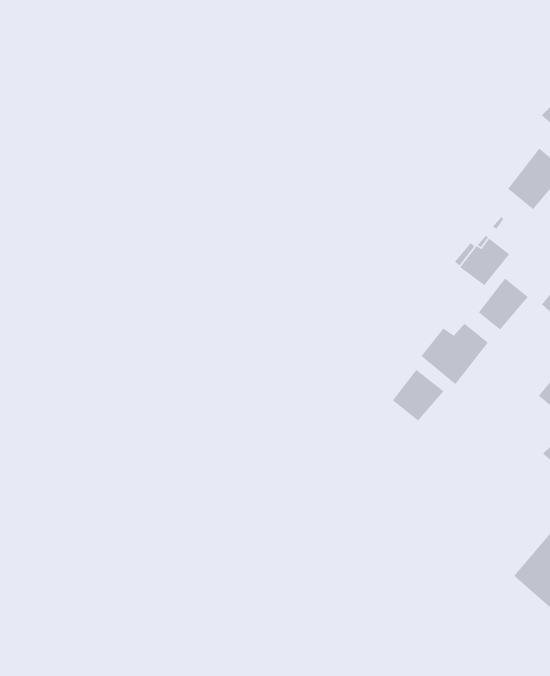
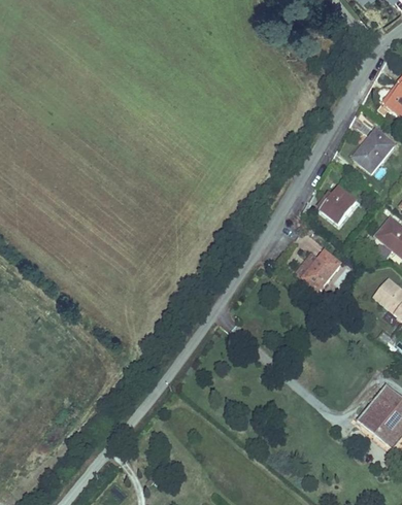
building: [478,278,529,330] -> none
building: [392,369,444,422] -> none

